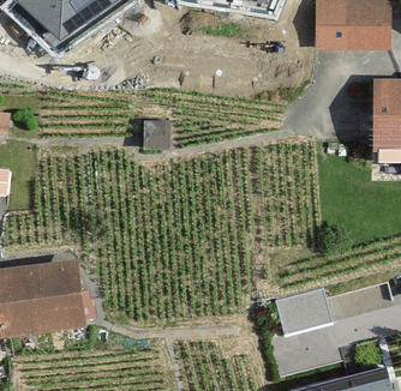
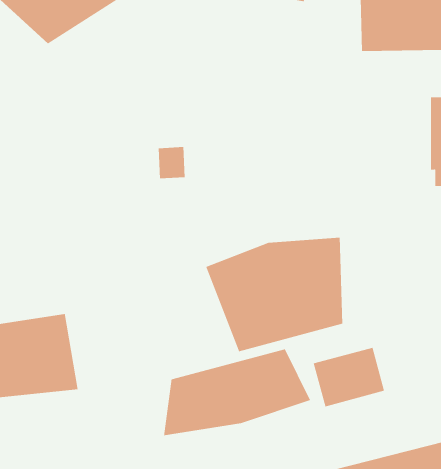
building: none -> [205,237,343,352]
building: none -> [164,348,311,436]

